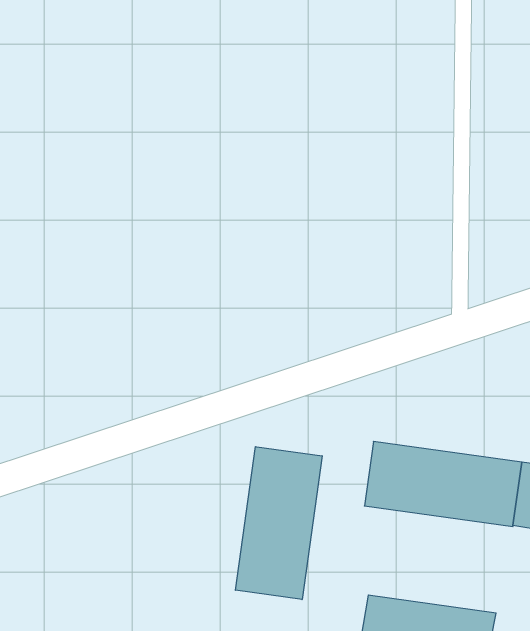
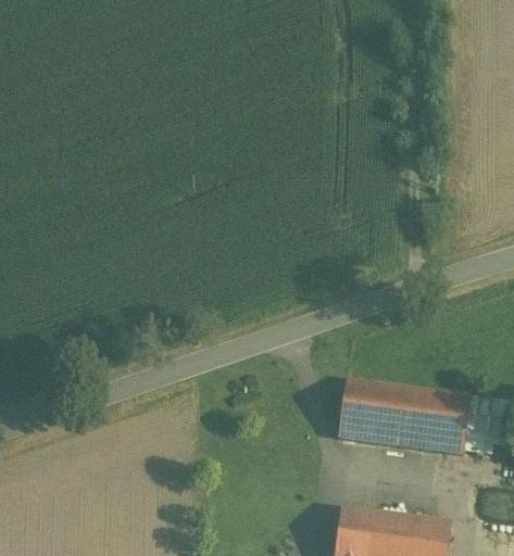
building: [235,447,322,600] -> none

